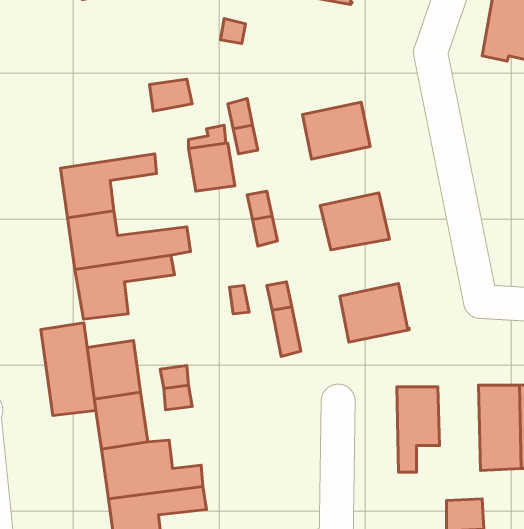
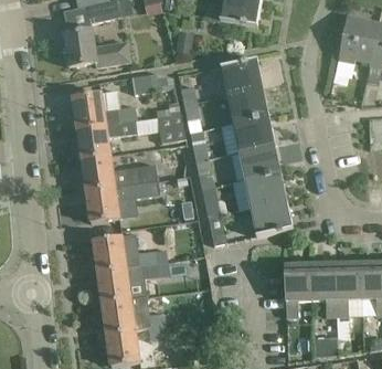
building: none -> [59,30,129,66]
building: none -> [220,59,263,95]
building: none -> [72,92,135,128]
building: none -> [232,115,274,151]
building: none -> [244,172,286,208]
building: [41,323,96,416] -> none
building: none -> [310,263,337,316]

